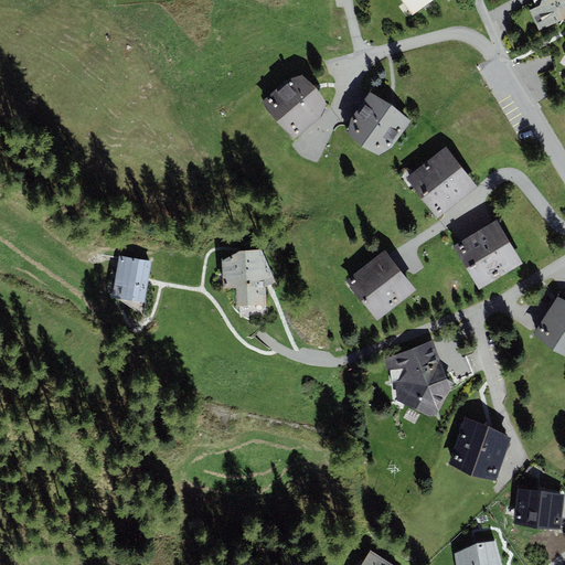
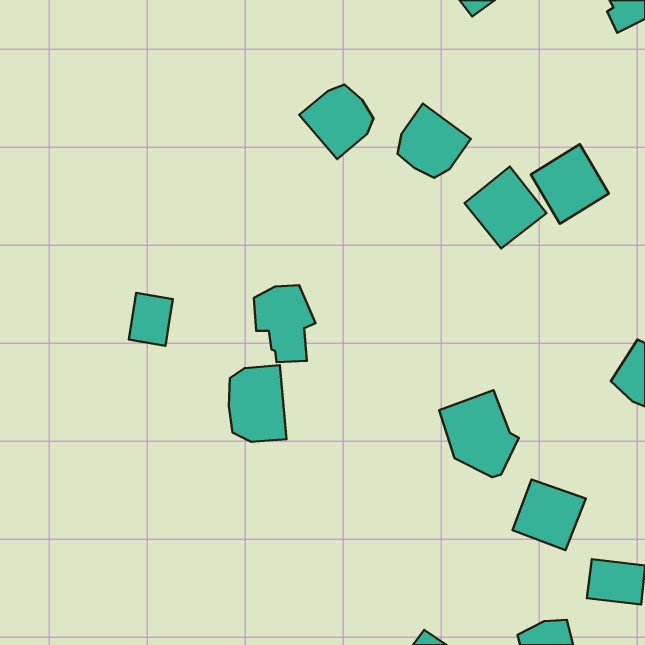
building: [454,220,522,289] -> [531,144,609,224]
building: [347,250,417,320] -> none
building: none -> [229,365,287,442]

